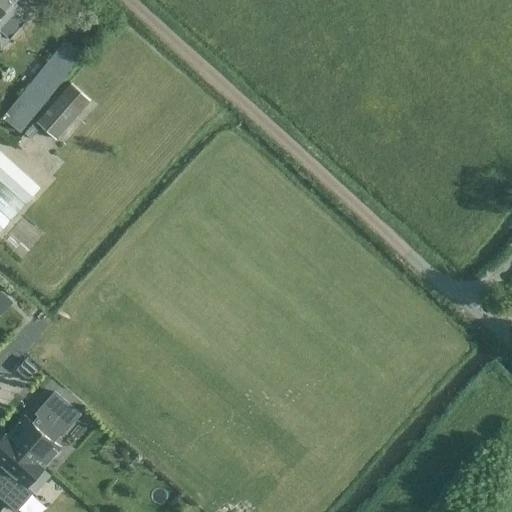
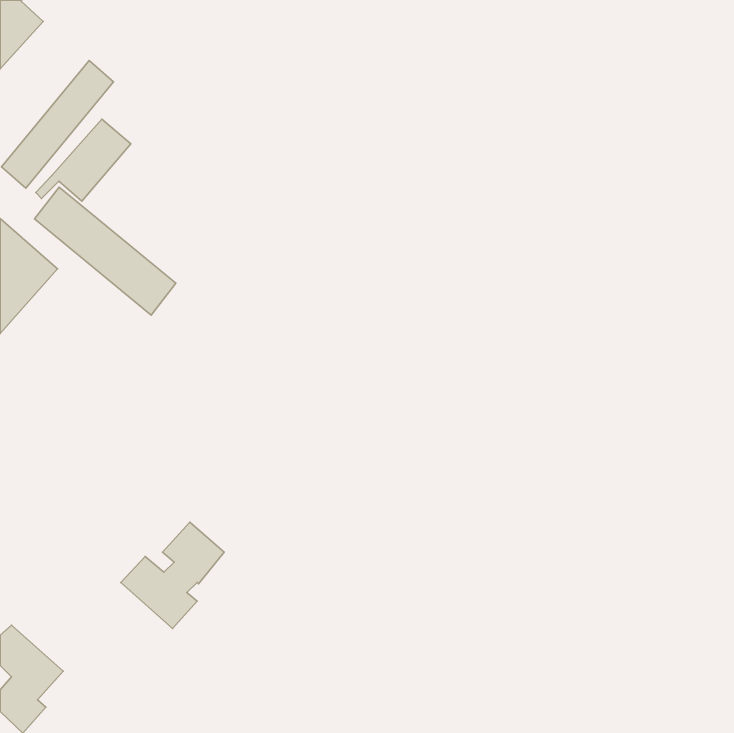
building: none -> [34,187,176,315]
building: [8,394,80,468] -> [121,522,224,628]

